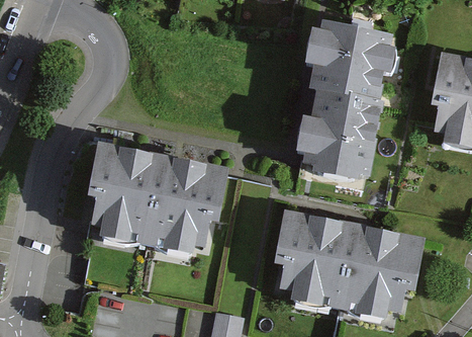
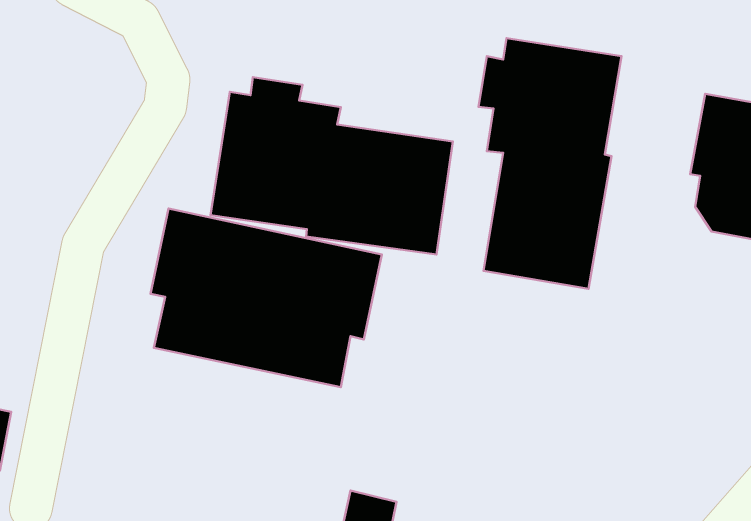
building: none -> [210,77,453,255]
building: [280,212,434,309] -> none

